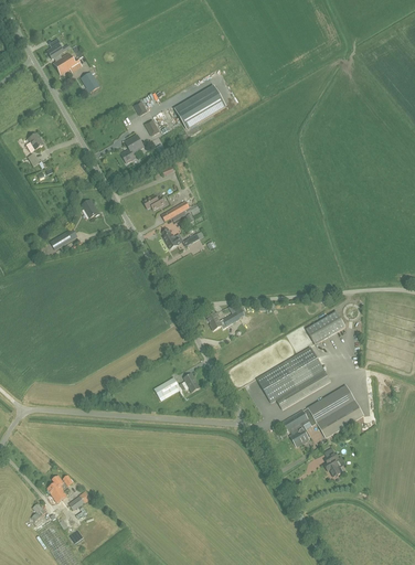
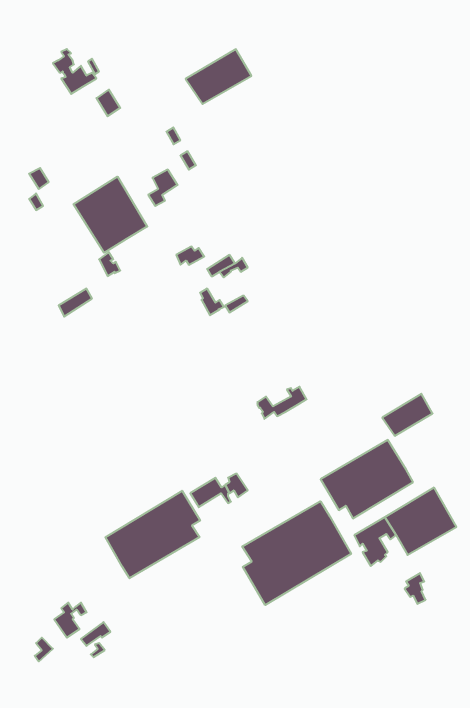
building: [173,85,225,128] -> [186,49,251,104]
building: none -> [74,177,147,253]
building: none -> [105,491,200,578]
building: none -> [242,501,351,605]

